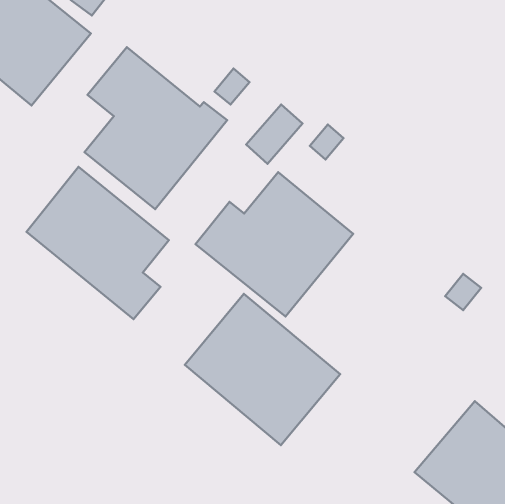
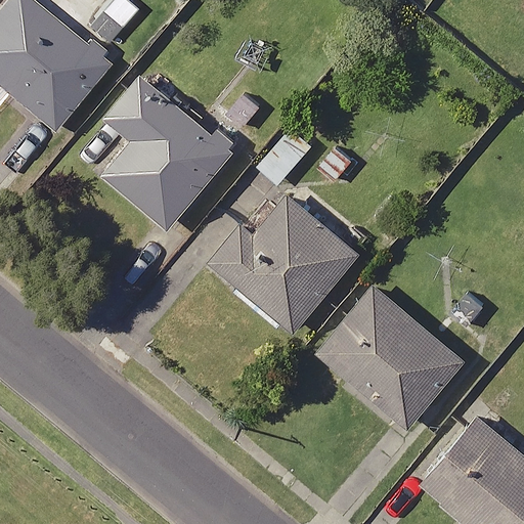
building: [27,167,169,319] -> none
building: [185,294,340,445] -> [315,285,466,431]

